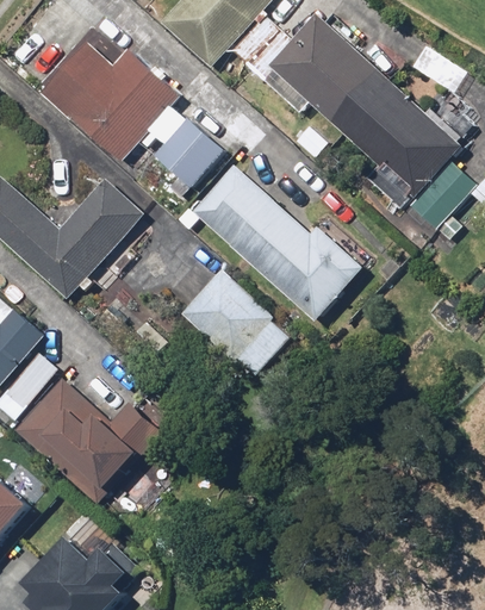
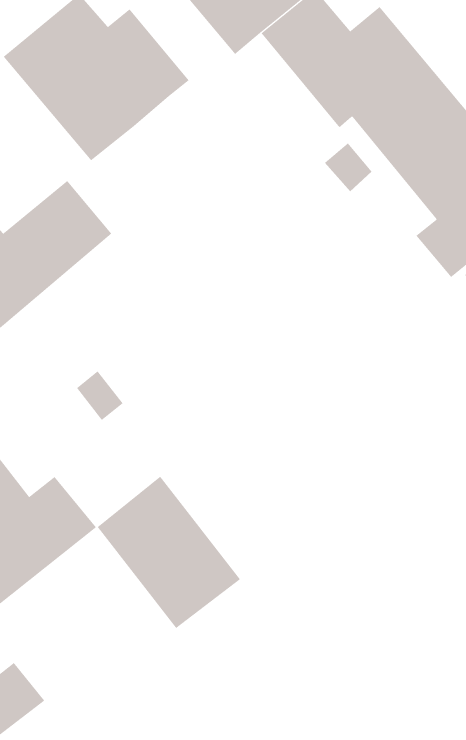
building: [145,105,222,186] -> none
building: [189,166,365,323] -> none
building: [178,266,291,378] -> [97,476,241,629]

